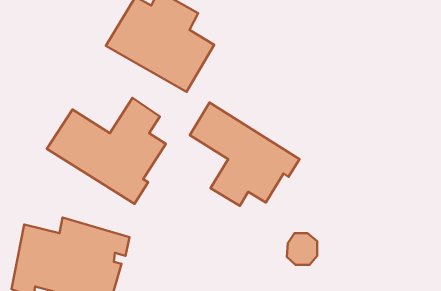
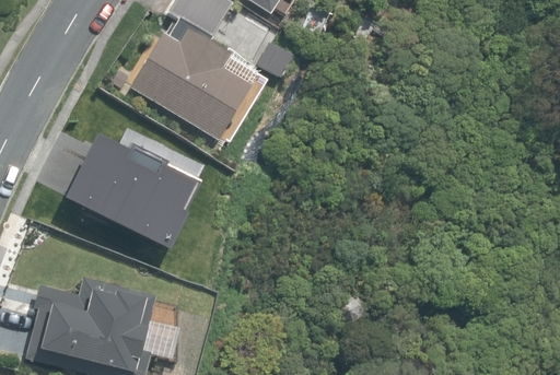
building: [190,103,299,206] -> none

